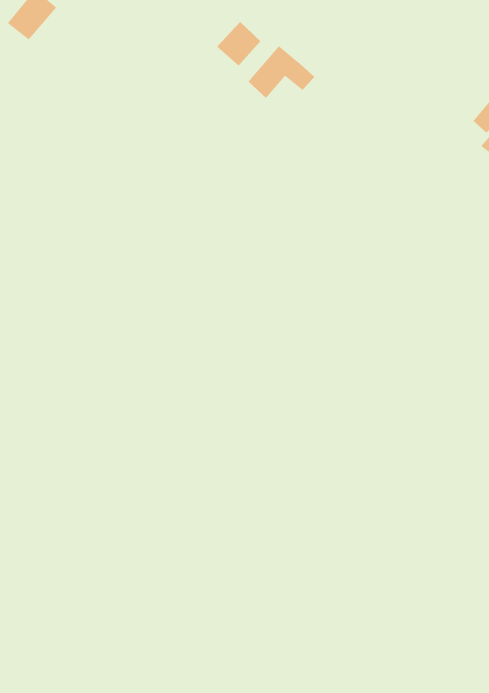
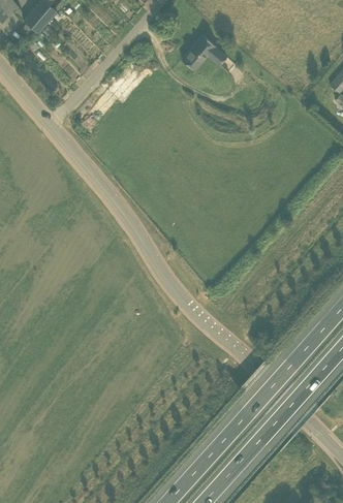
building: [216,21,261,67] -> none

